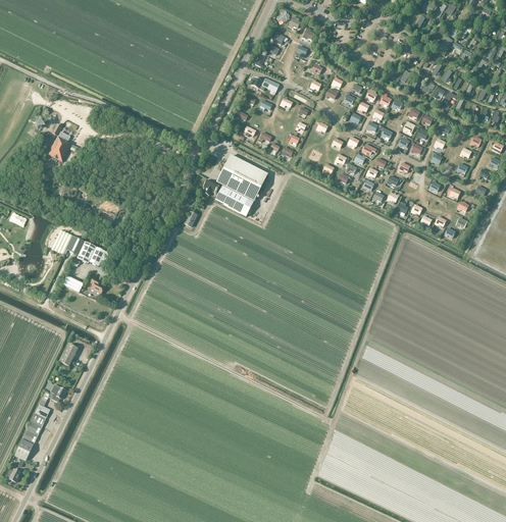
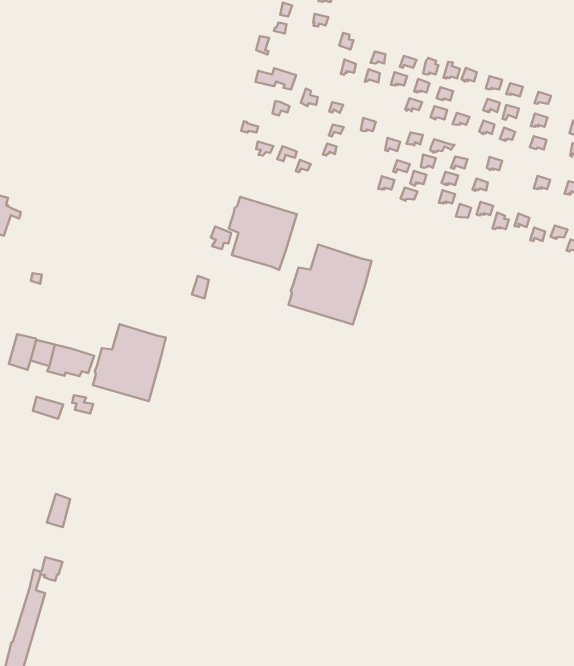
building: none -> [289,244,372,325]
building: none -> [93,324,166,401]

